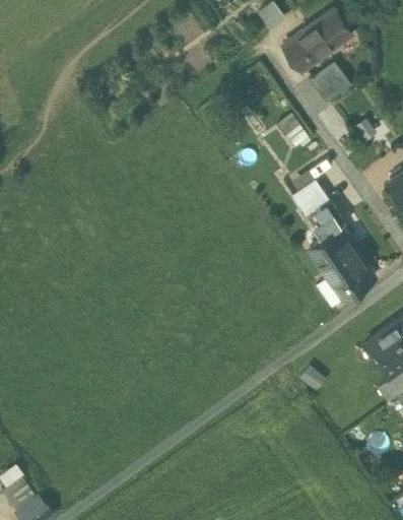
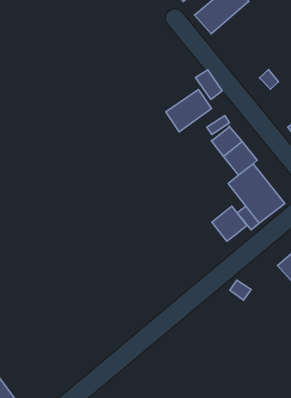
building: [309,59,351,102] -> none
building: none -> [166,89,212,132]
building: none -> [212,206,247,241]

